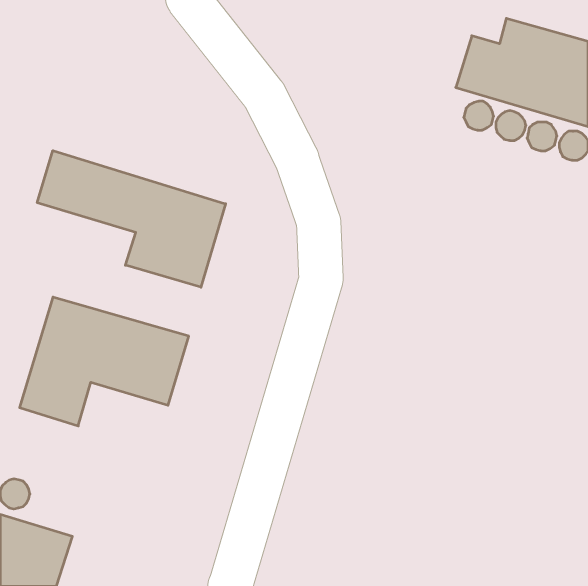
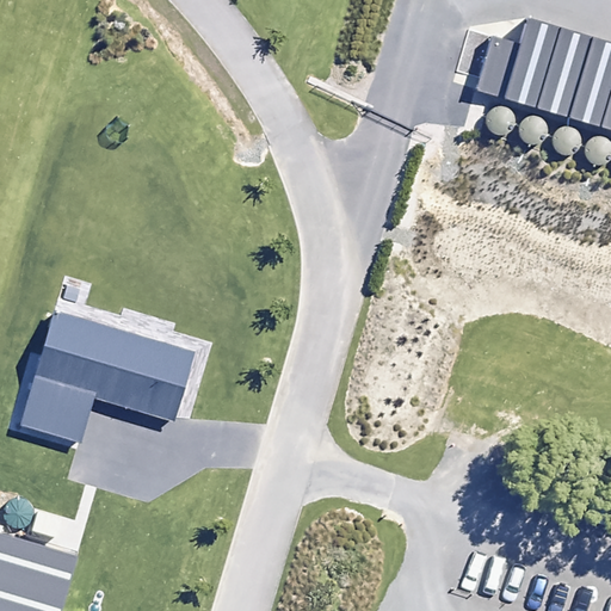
building: [37,151,226,287] -> none

